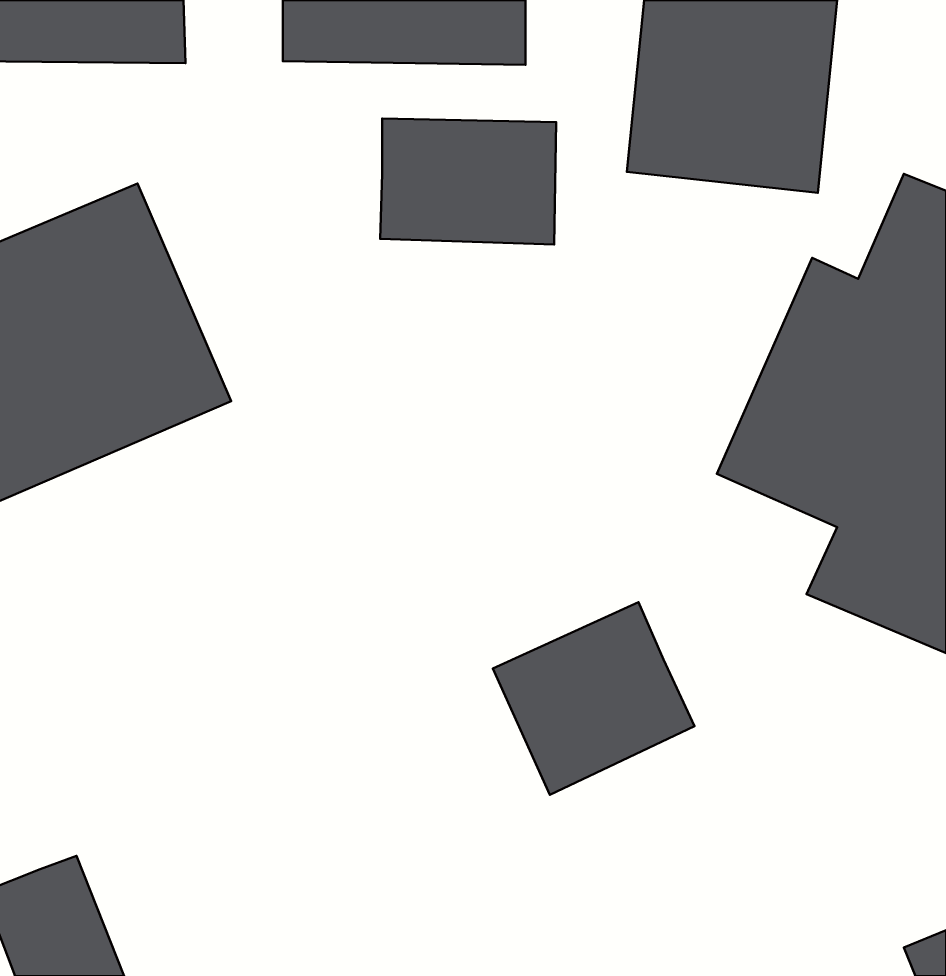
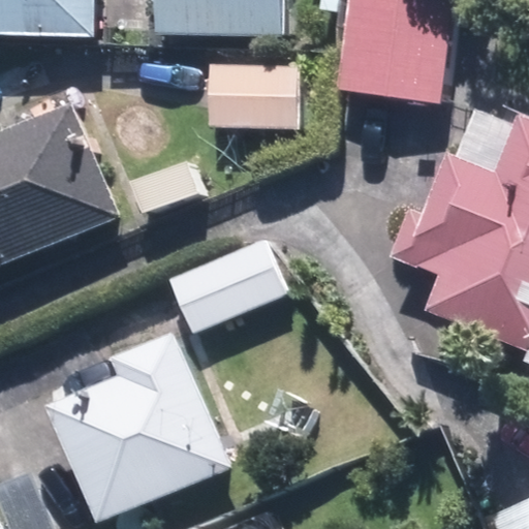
building: none -> [166,235,287,338]
building: [493,602,695,795] -> none
building: none -> [57,331,232,519]

